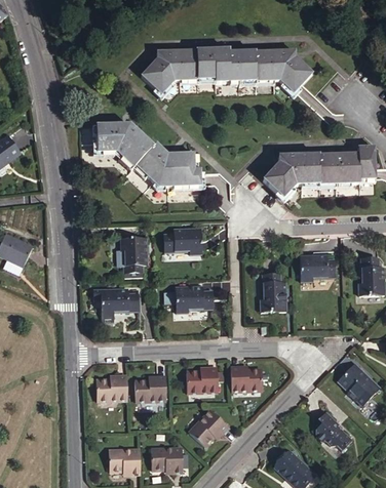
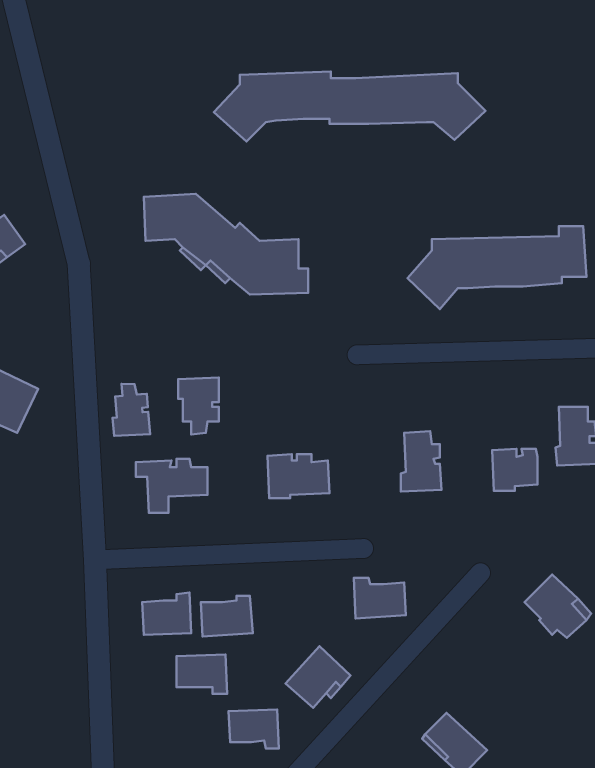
building: [164,229,202,254] -> none
building: none -> [113,384,150,436]
building: [298,254,326,281] -> [492,449,538,491]
building: [185,366,217,393] -> none
building: [315,412,353,452] -> none
building: [109,449,141,474] -> [177,655,227,694]

